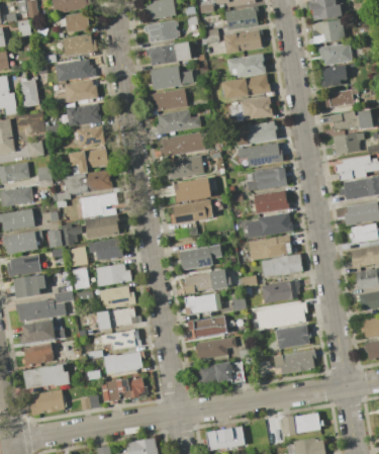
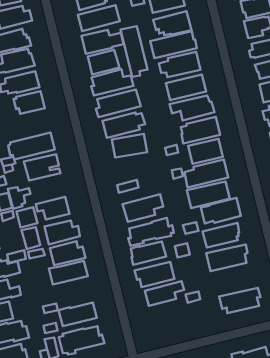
building: none -> [121,26,148,77]
building: [69,148,108,173] -> none
building: [171,199,213,223] -> none
building: [84,213,119,239] -> none
building: [275,324,310,348] -> none
building: [100,329,139,349] -> none
building: [195,361,244,384] -> none

